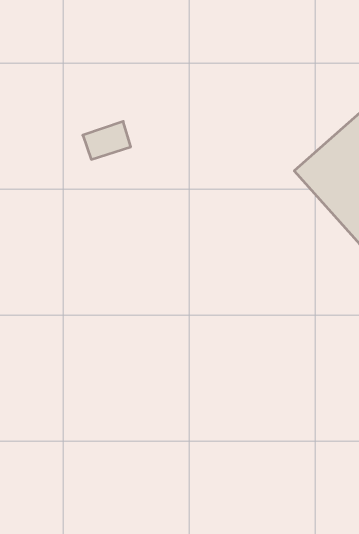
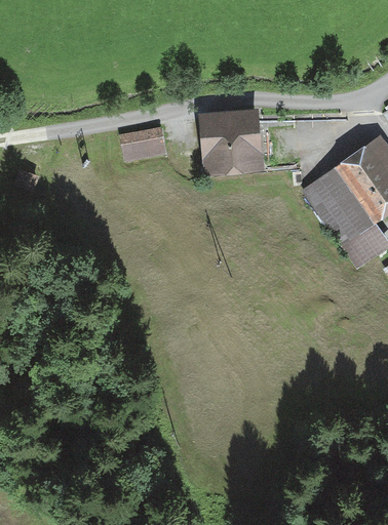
building: none -> [203,112,258,167]

